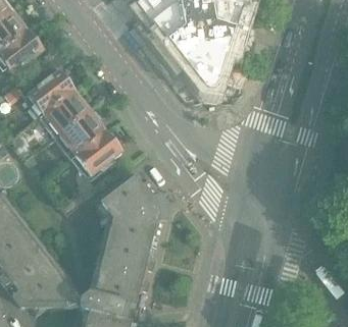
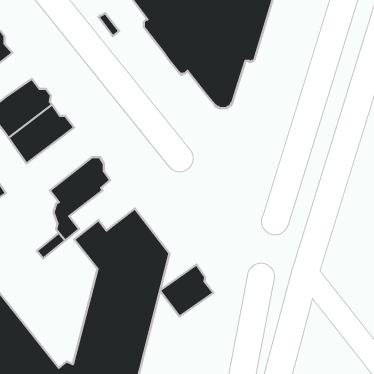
building: [53,108,105,158] -> none
building: none -> [160,265,213,316]

